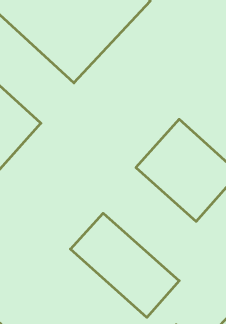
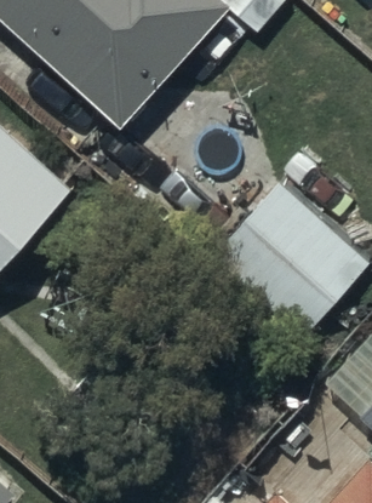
building: [70,213,179,317] -> none

